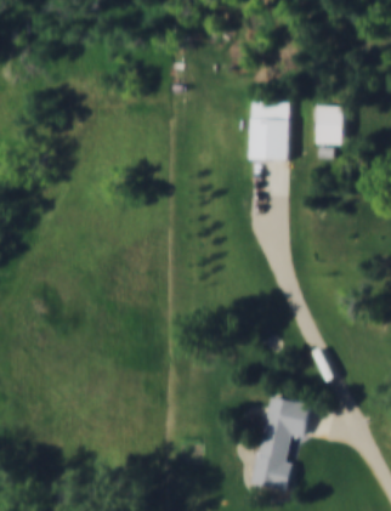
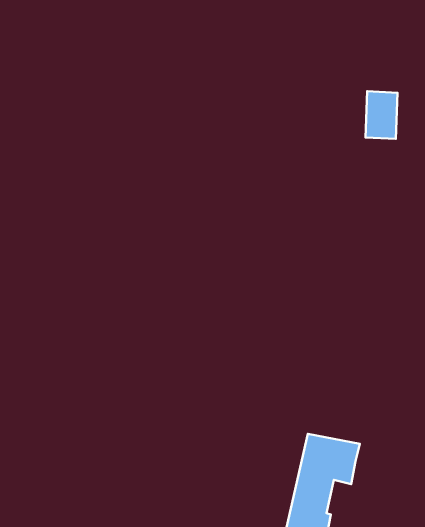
building: [250,97,289,160] -> none

